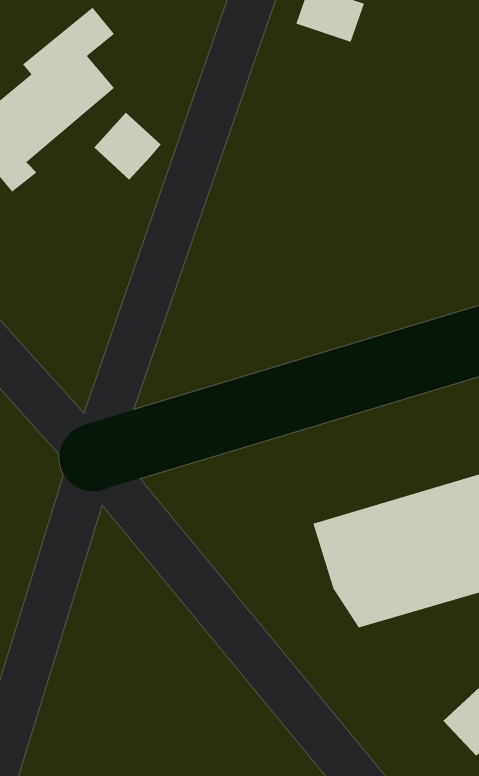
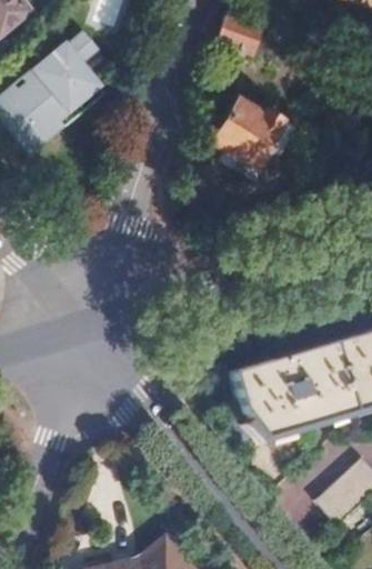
building: [94,112,162,180] -> none
building: none -> [214,100,295,169]

